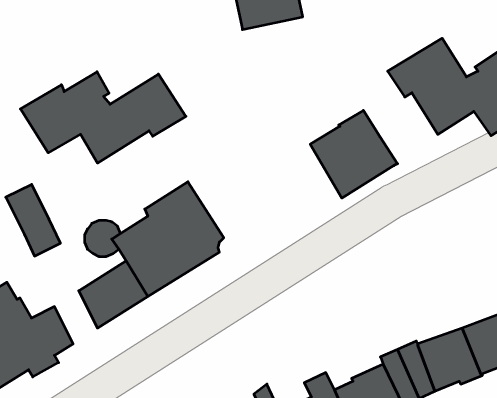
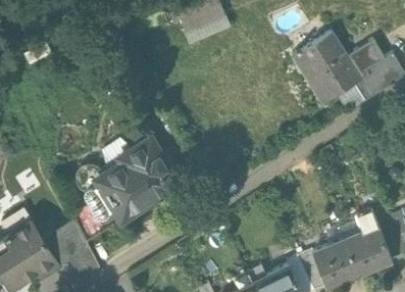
building: [20,72,186,163] -> none
building: [310,110,398,198] -> none
building: [6,184,60,256] -> [54,216,93,267]

